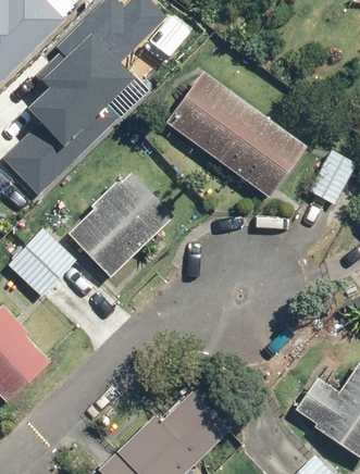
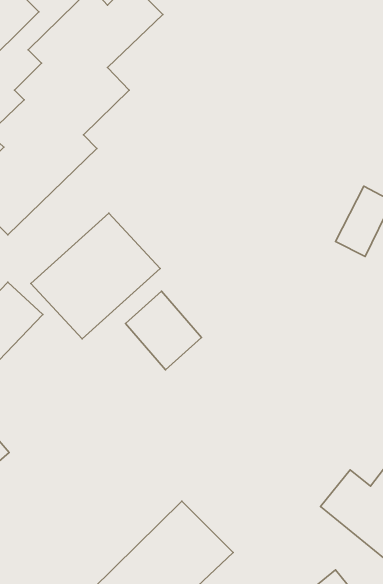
building: [157,71,301,195] -> none
building: none -> [126,291,202,370]

